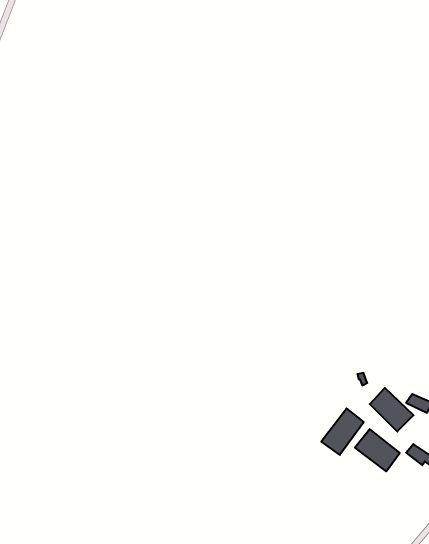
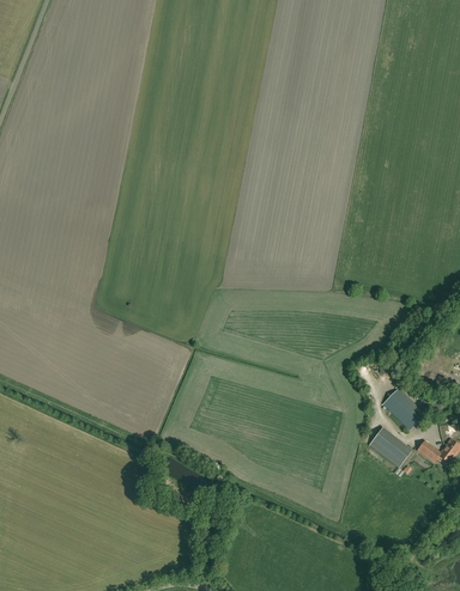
building: [321,408,364,455] -> none

